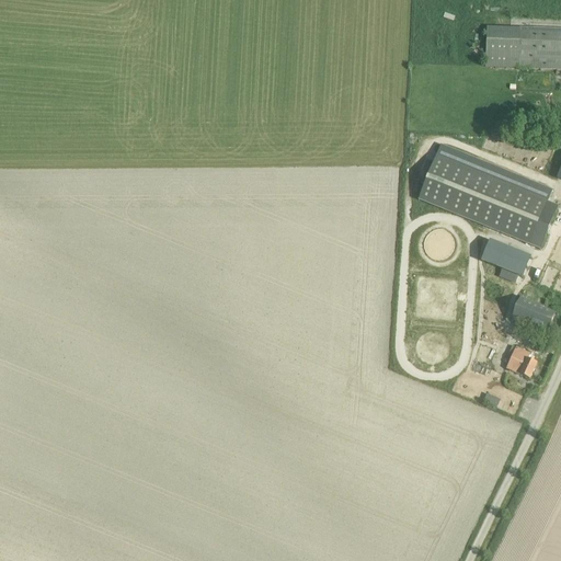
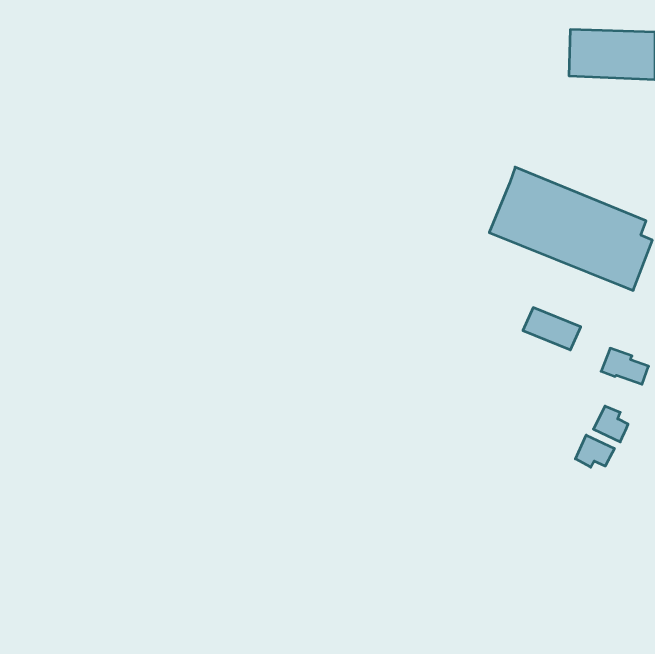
building: [481,240,530,276] -> [523,308,581,350]
building: none -> [575,435,614,467]

